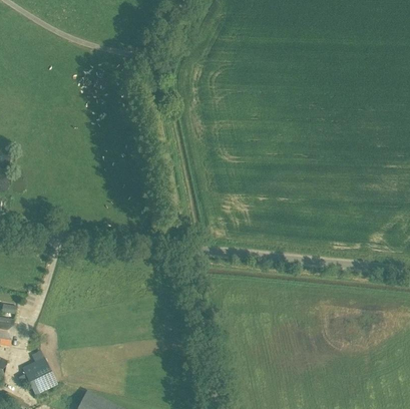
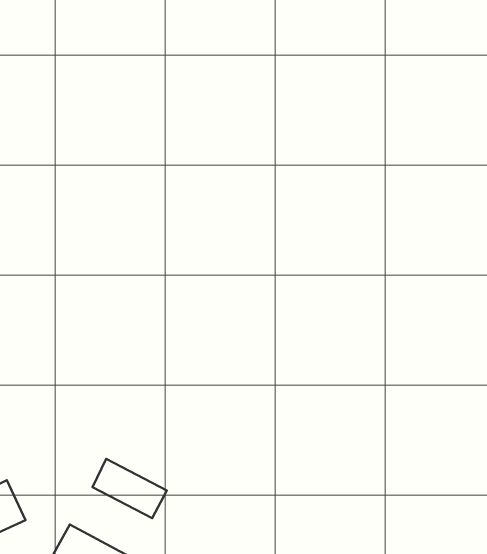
building: none -> [93,459,167,518]

